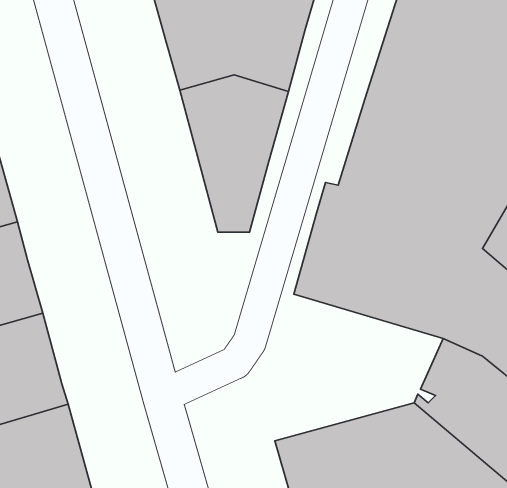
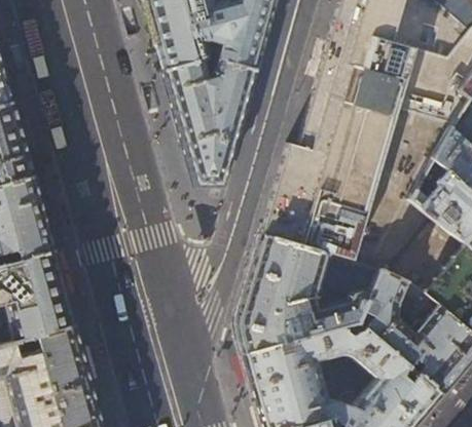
building: none -> [237,241,380,360]

